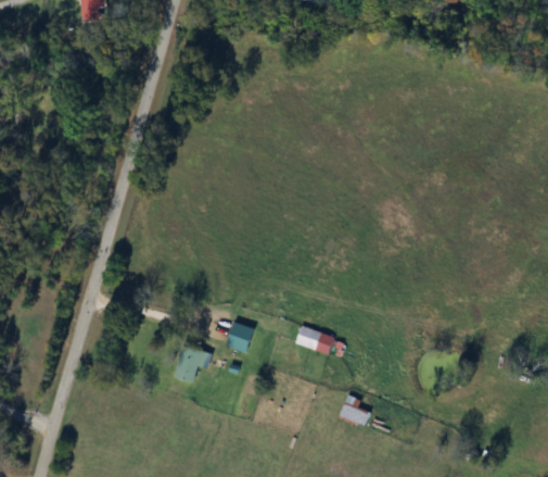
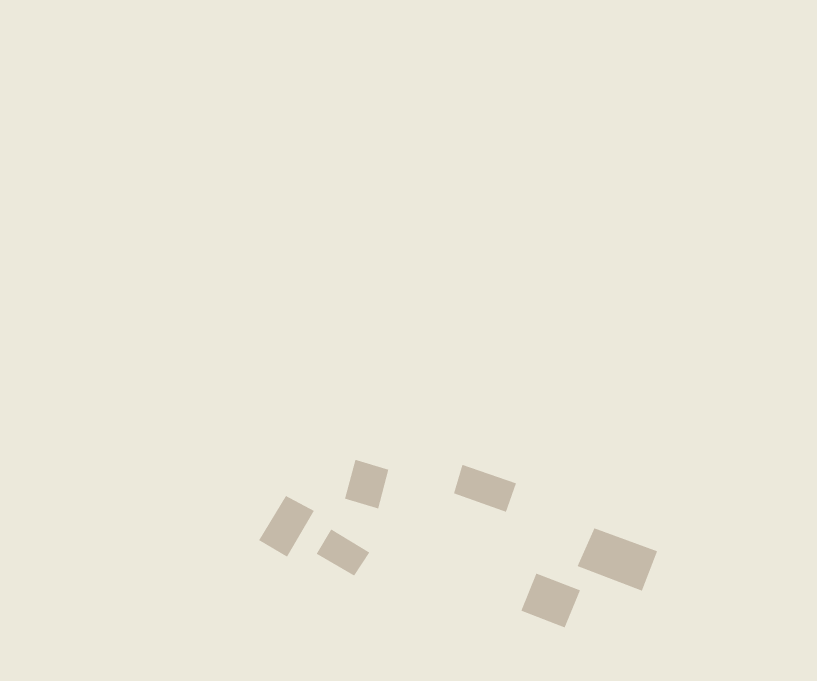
building: none -> [577,527,658,592]
building: none -> [316,528,370,577]

